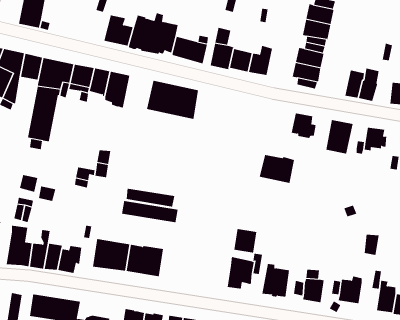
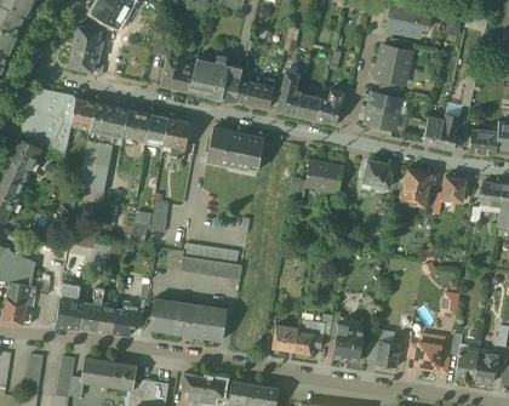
building: [259,154,295,184] -> [304,162,343,194]
building: [234,229,257,253] -> [273,324,298,350]

